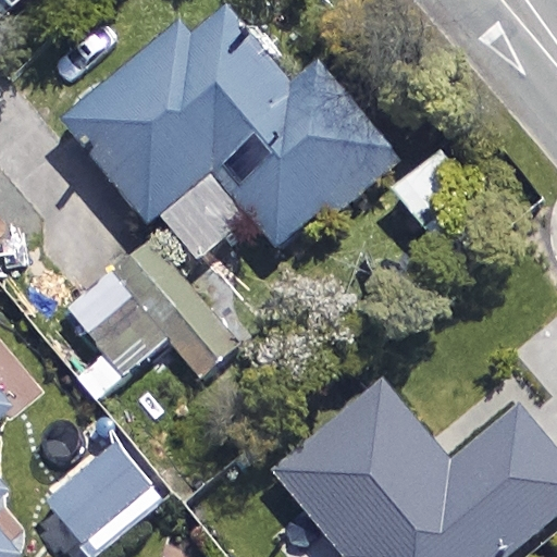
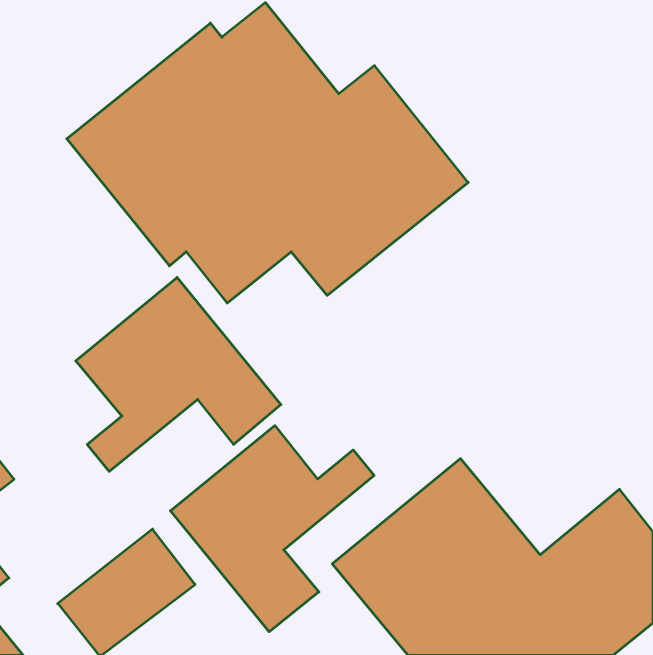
building: none -> [170,426,374,632]

